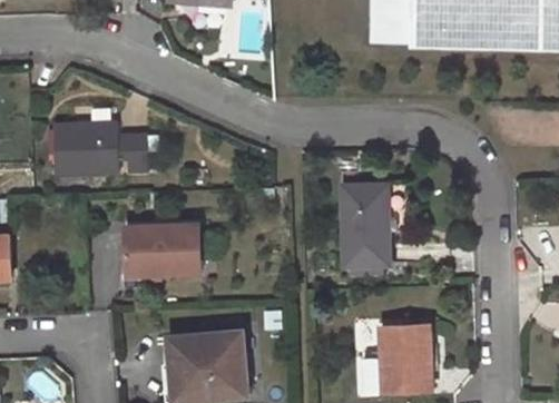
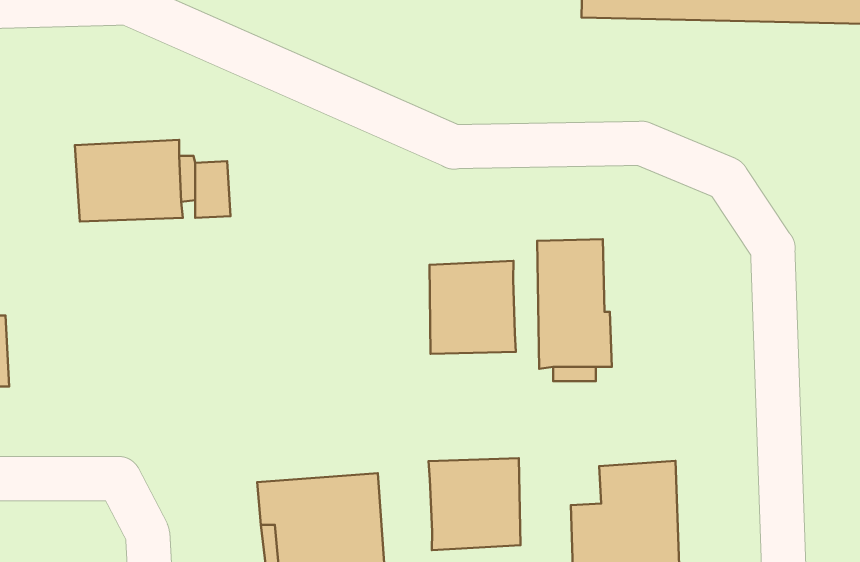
building: none -> [430,261,516,354]
building: [125,224,202,274] -> none
building: none -> [429,458,521,550]

